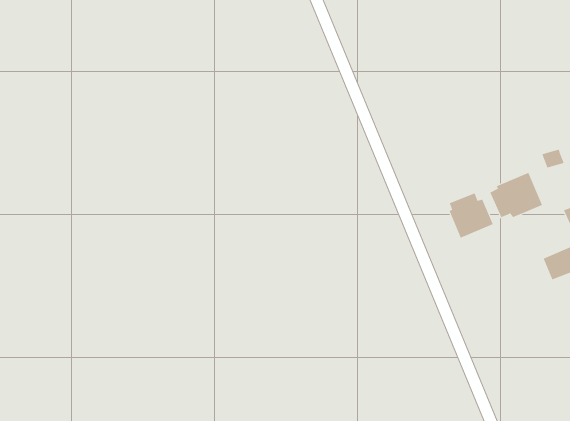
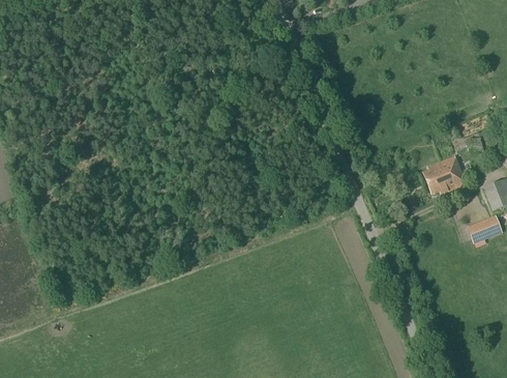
building: [449,192,493,239] -> none

